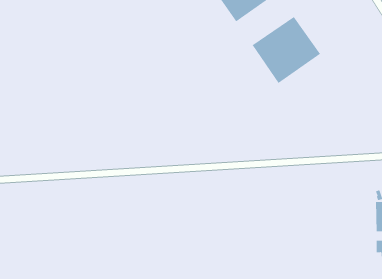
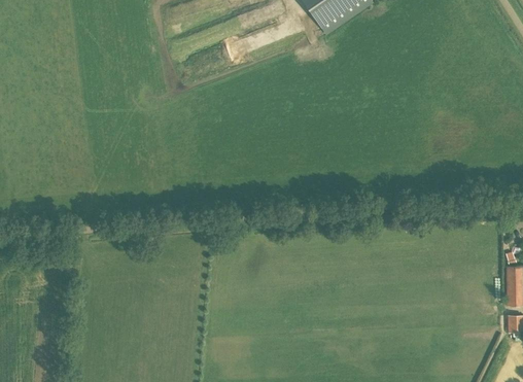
building: [252,16,321,84] -> none

